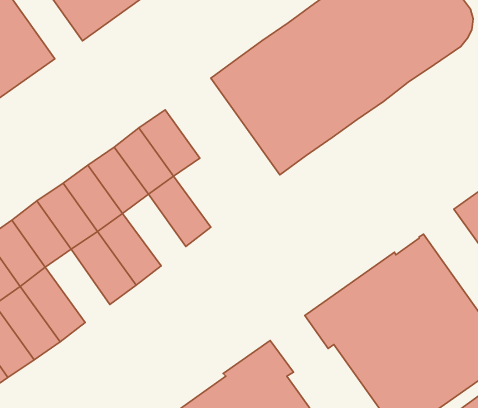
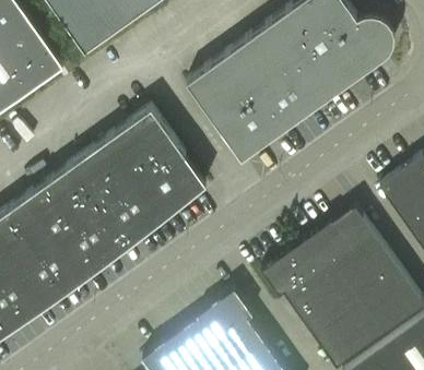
building: none -> [157,147,207,202]
building: none -> [117,176,167,232]
building: none -> [56,219,107,277]

